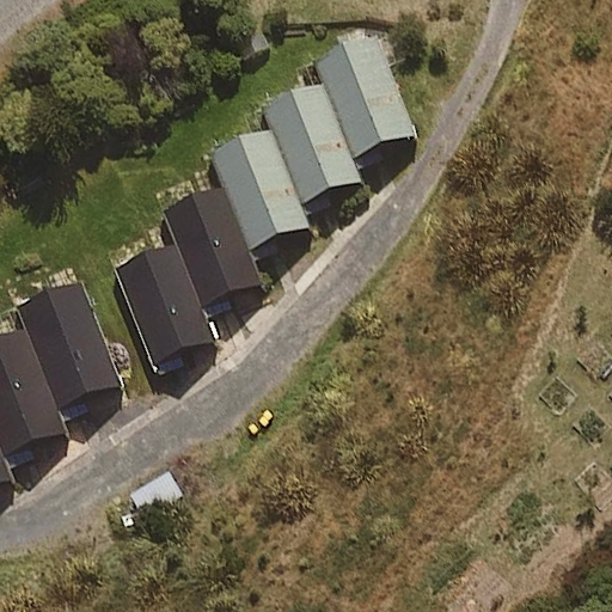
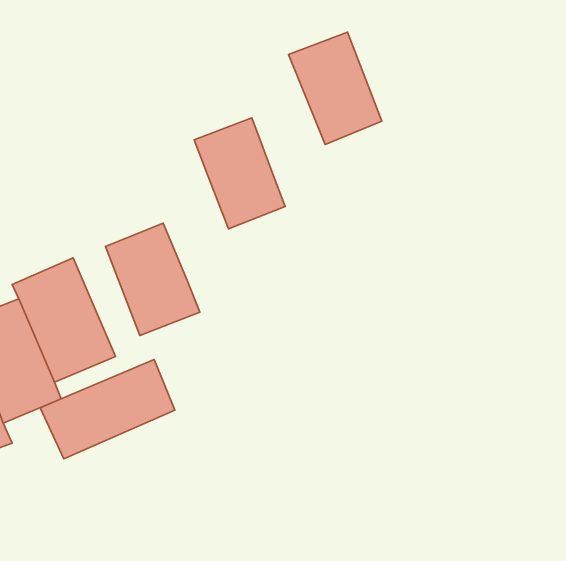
building: [262,82,359,201] -> none
building: [163,185,259,302] -> none
building: none -> [40,360,175,459]

